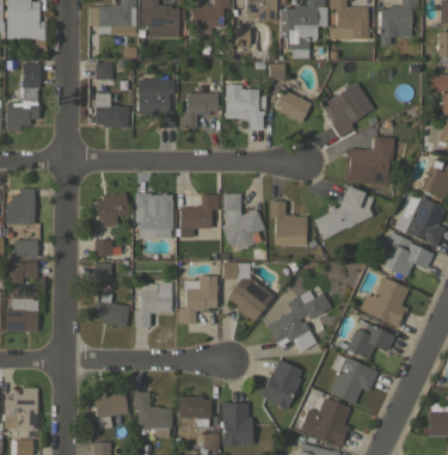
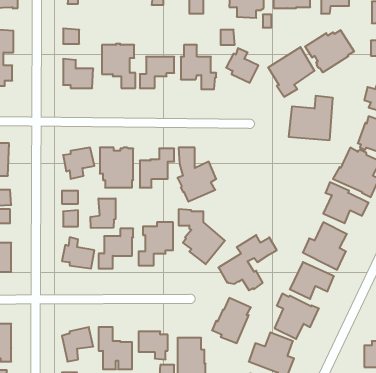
building: none -> [305,30,354,72]
building: [314,186,374,239] -> none
building: [270,202,307,246] -> none
building: none -> [91,198,116,228]

